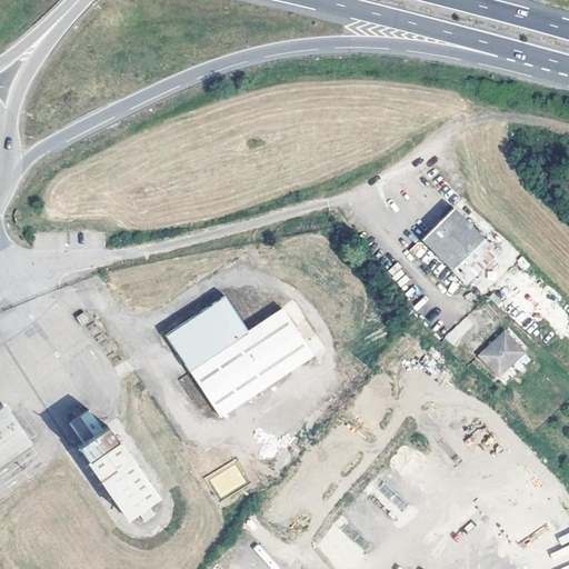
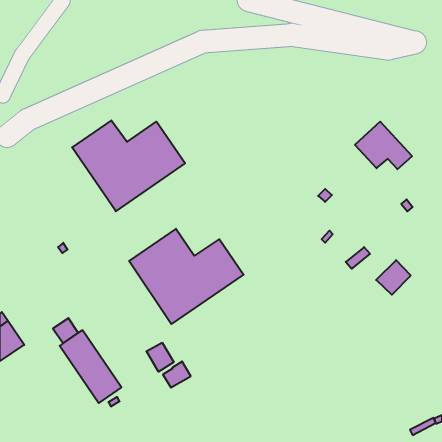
building: none -> [72,120,185,211]
building: [428,212,501,273] -> [355,122,412,169]
building: none -> [146,343,174,372]

